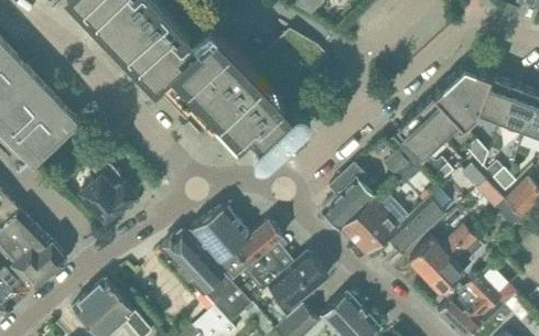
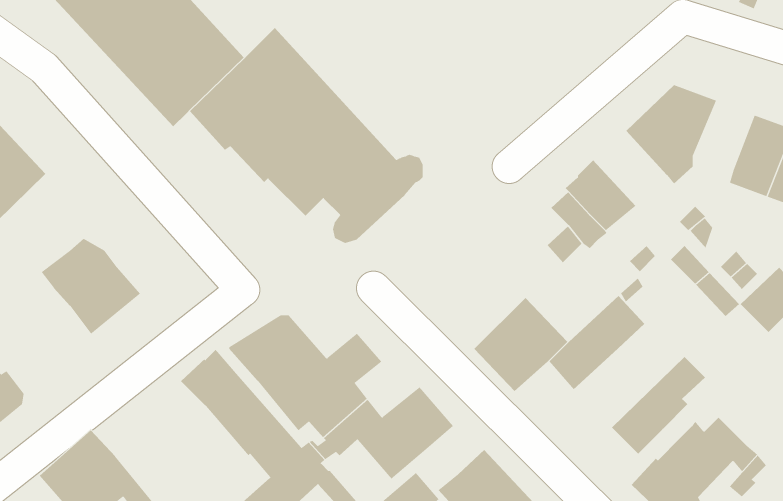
building: [476,75,514,119] -> none
building: [414,95,460,140] -> none
building: [322,163,373,228] -> none
building: [409,225,471,277] -> none

